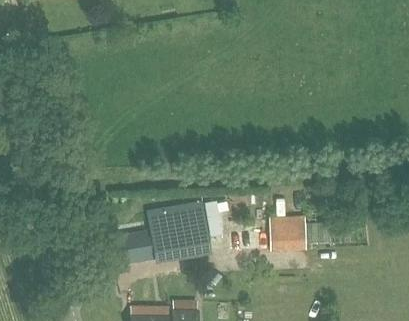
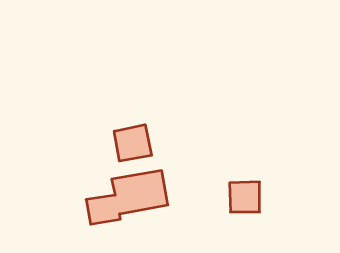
building: none -> [114,125,152,161]

